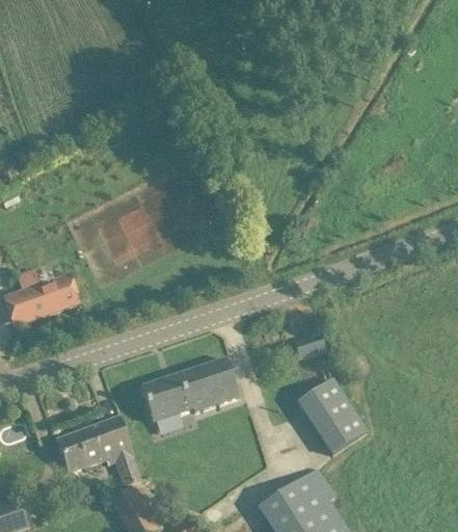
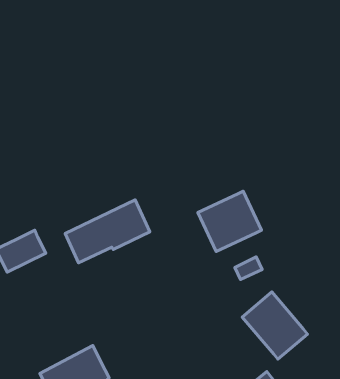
building: none -> [198,191,261,251]
building: [140,357,238,422] -> [65,200,150,263]

